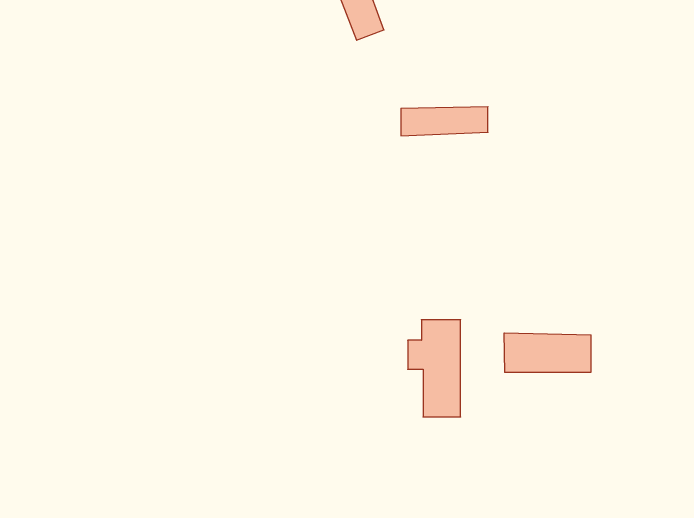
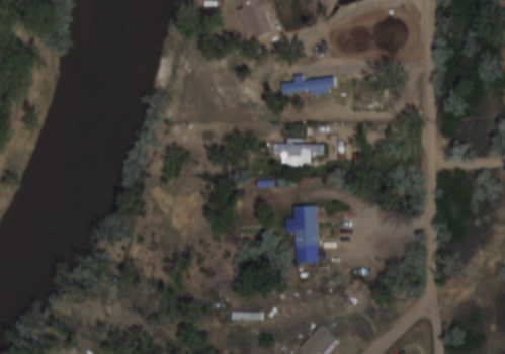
building: none -> [273,142,323,166]
building: [504,333,591,372] -> none

